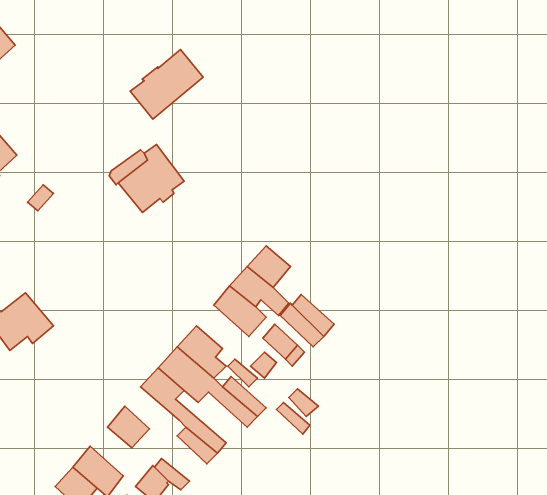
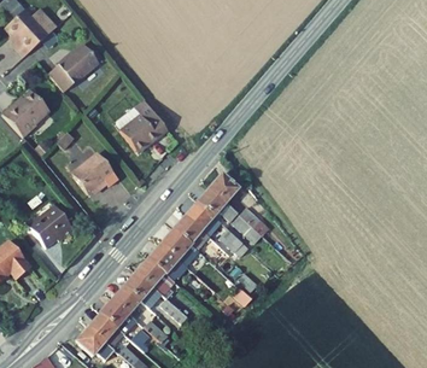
building: [130,49,203,119] -> [47,43,98,92]
building: none -> [72,152,118,195]
building: none -> [172,215,209,250]
building: none -> [123,271,160,308]
building: none -> [99,299,135,334]

